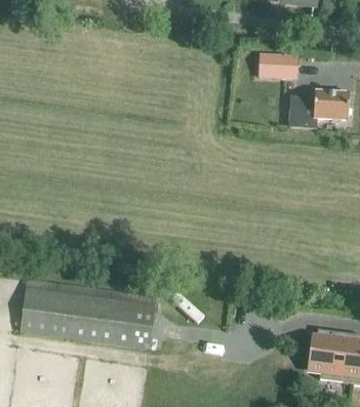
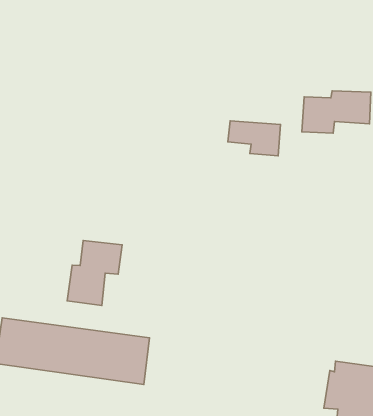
building: [248,49,294,80] -> [228,121,280,156]
building: none -> [67,241,122,306]

